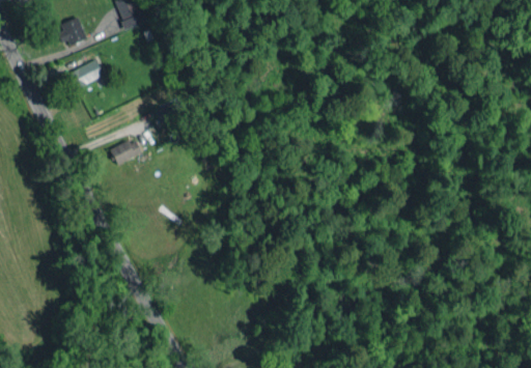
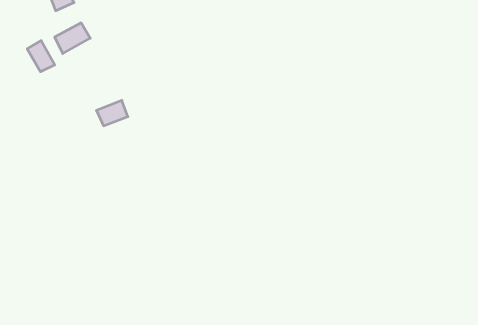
building: none -> [27,41,55,72]

